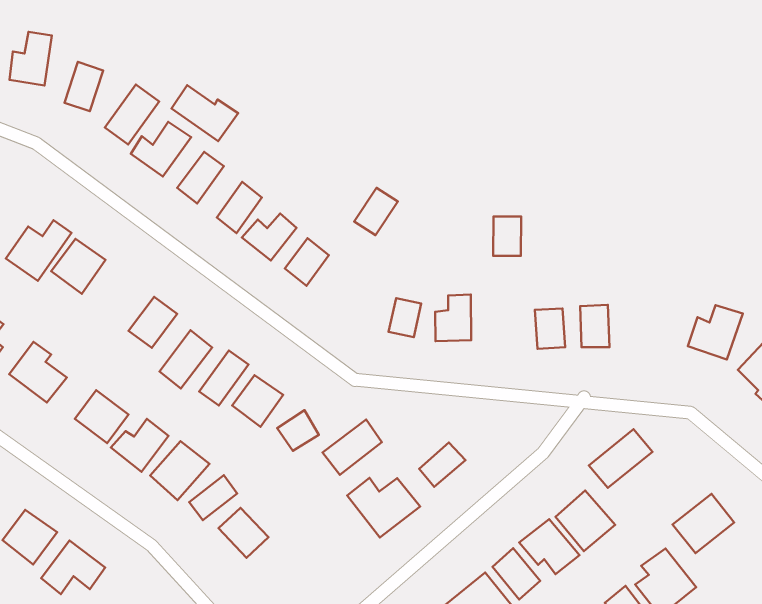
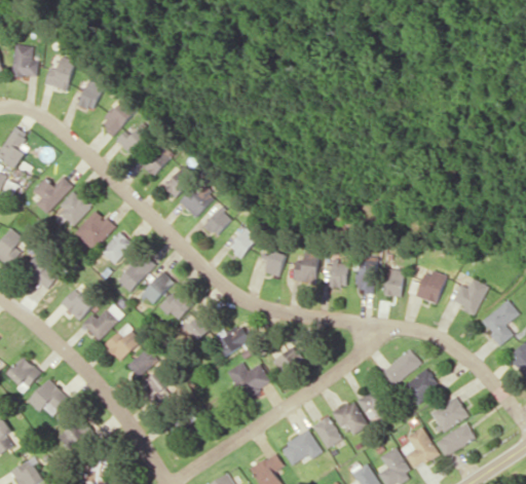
building: [171,85,238,141] -> none
building: [354,188,398,235] -> [229,228,258,258]
building: [493,217,521,256] -> [329,261,349,288]
building: none -> [74,210,115,251]
building: none -> [415,270,446,304]
building: none -> [402,368,440,406]
building: none -> [436,422,476,457]

